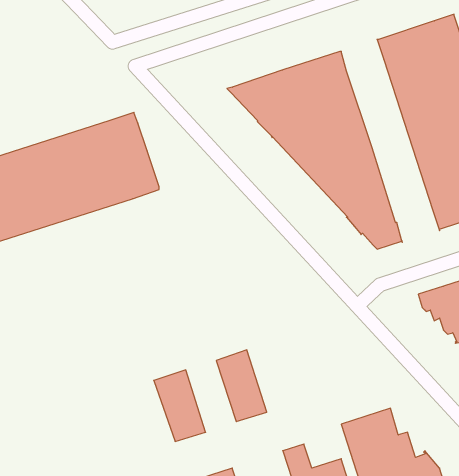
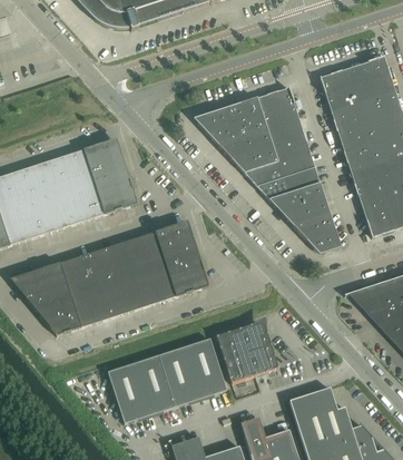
building: none -> [10,221,208,334]
building: none -> [216,323,278,383]
building: none -> [159,346,202,407]
building: none -> [107,363,150,423]

